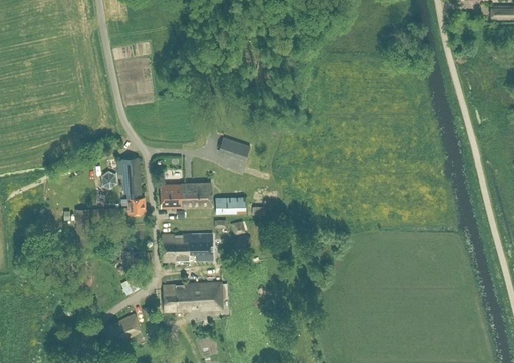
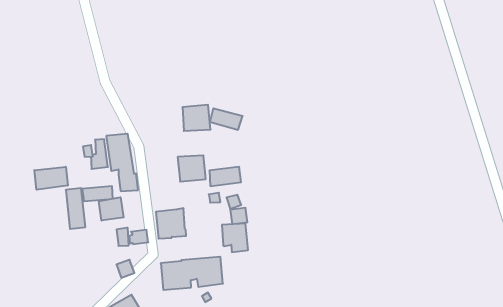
building: [161,184,187,208] -> [182,105,211,131]
building: none -> [34,167,68,190]
building: none -> [99,197,124,221]
building: [189,234,213,261] -> [222,223,248,252]

